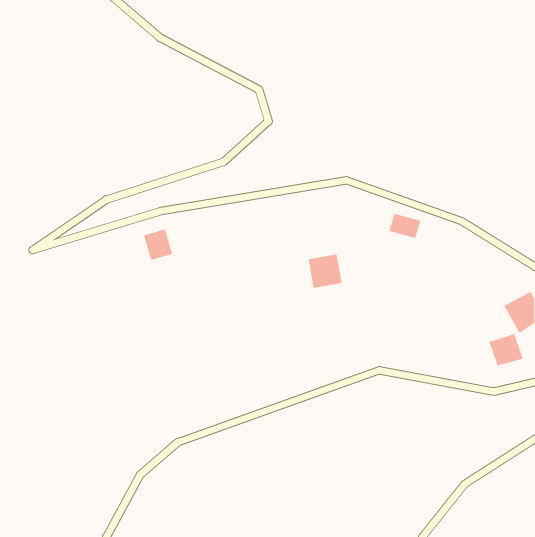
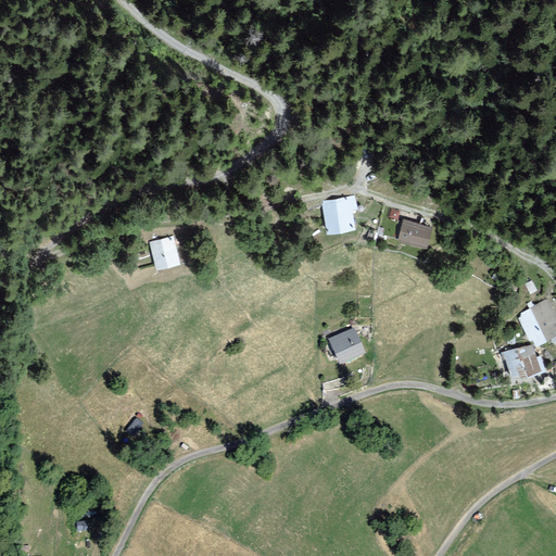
building: [308,254,342,289] -> [323,197,358,232]
building: none -> [328,329,363,365]

